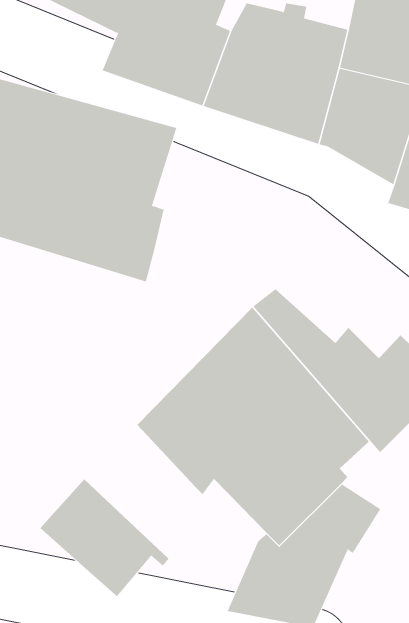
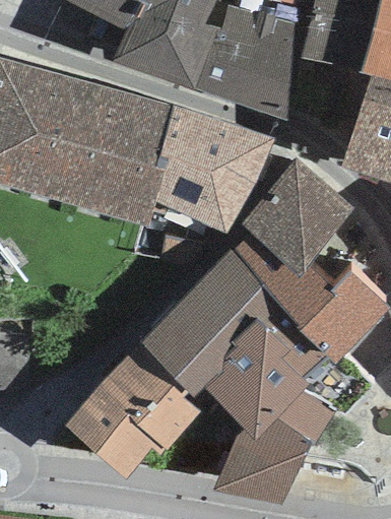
building: none -> [155,105,275,232]
building: none -> [243,157,352,275]
building: none -> [101,341,202,448]

